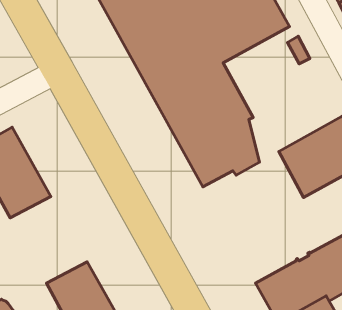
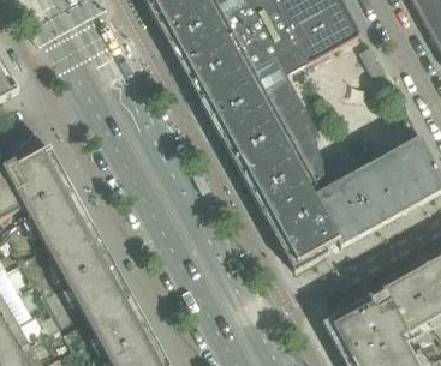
building: none -> [263,173,376,270]
building: none -> [47,223,133,320]

